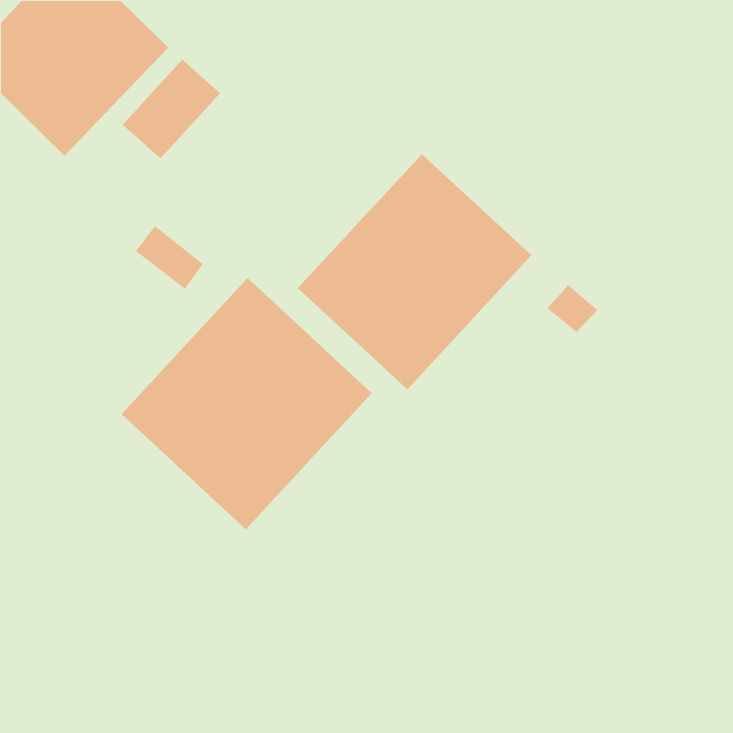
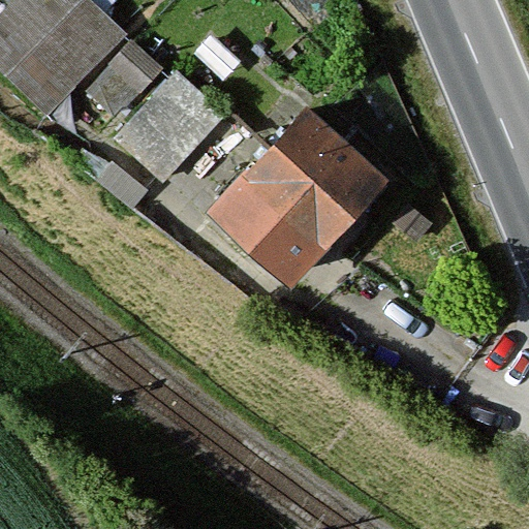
building: none -> [118,72,223,179]
building: [121,277,373,530] -> none

